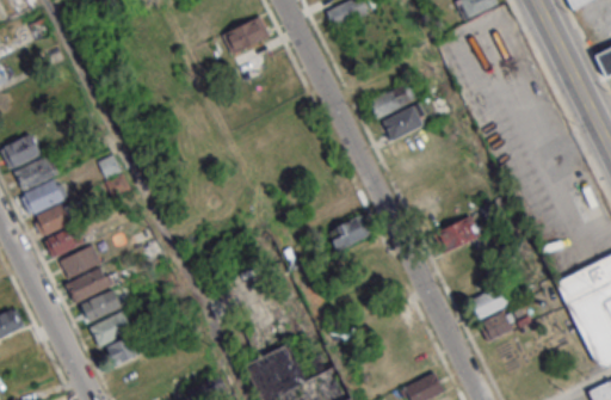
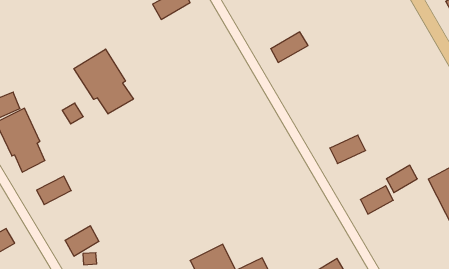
building: none -> [74,49,133,114]
building: [381,104,426,143] -> none
building: [328,215,374,250] -> none
building: [45,228,79,257] -> none
building: [64,266,123,324] -> none
building: [481,308,520,341] -> [386,165,417,193]

